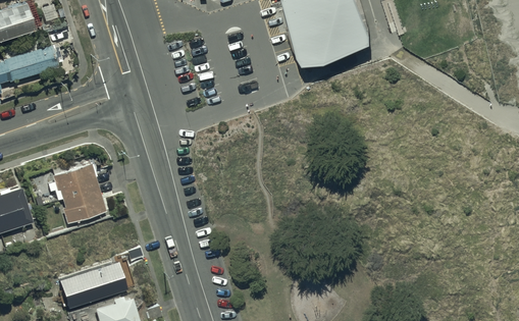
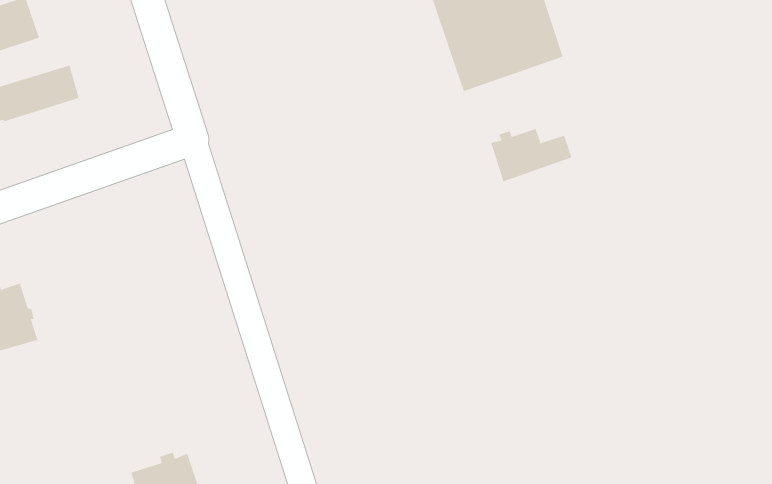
building: none -> [490,128,572,182]
building: [48,165,106,224] -> none
building: [56,256,126,306] -> none

